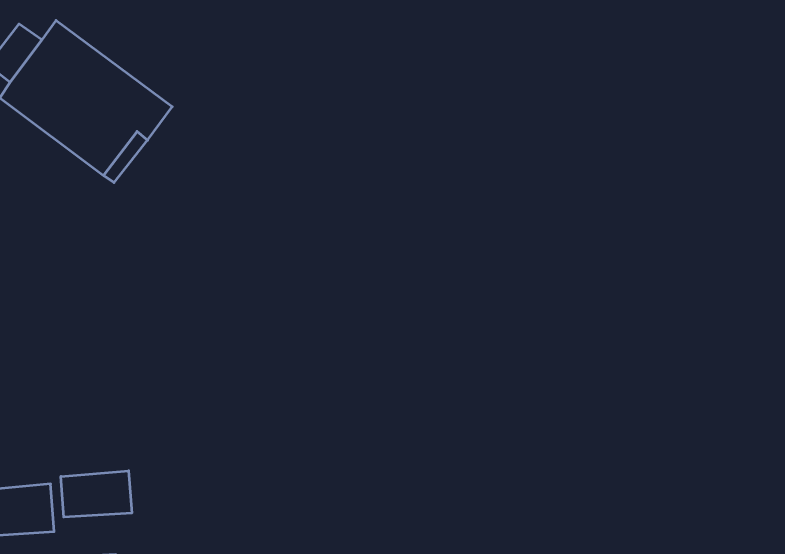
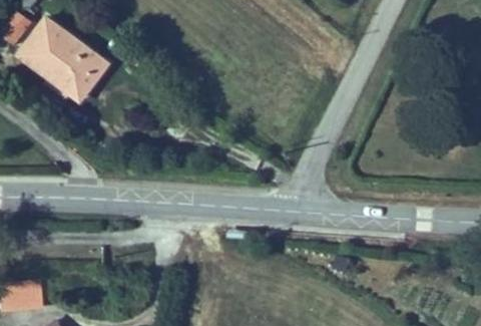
building: [61,471,132,517] -> none

